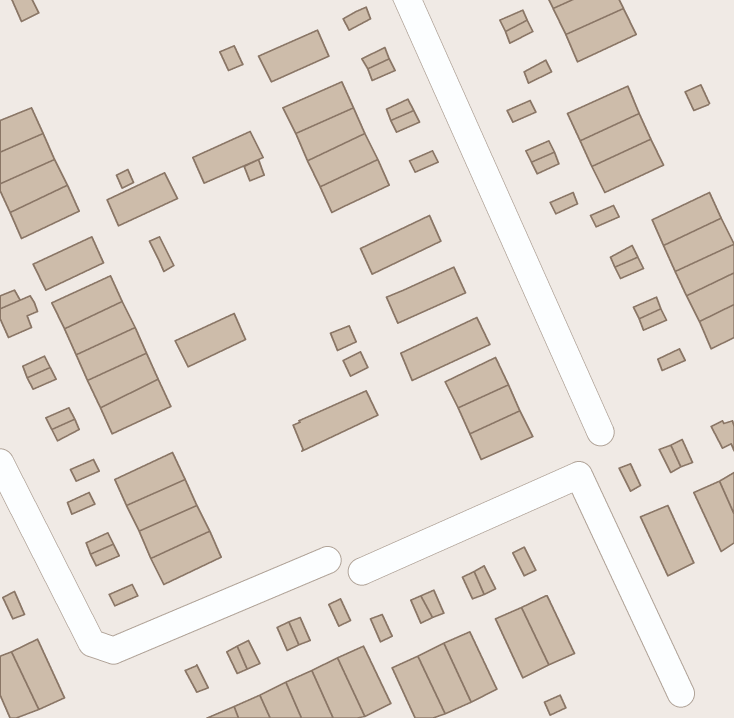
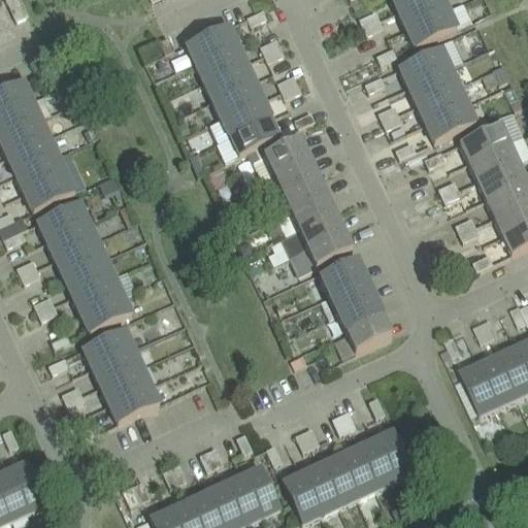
building: none -> [399,43,451,81]
building: [193,132,263,183] -> [195,40,245,77]
building: none -> [459,120,509,158]
building: [107,173,177,226] -> [15,152,66,190]
building: none -> [246,127,308,178]
building: none -> [267,173,326,208]
building: [175,314,245,367] -> [80,292,131,330]
building: [293,391,378,451] -> [282,210,342,254]
building: none -> [345,314,391,350]
building: none -> [480,354,518,404]
building: none -> [337,444,375,495]

